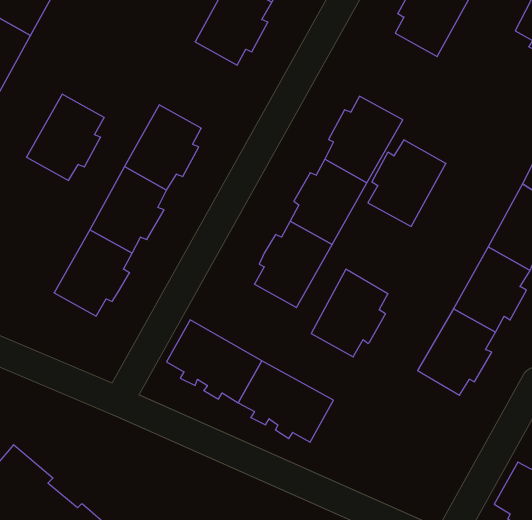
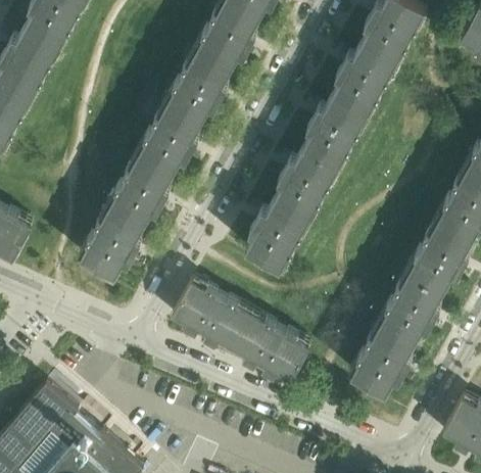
building: [26,94,104,181] -> [166,49,231,121]
building: [368,140,446,226] -> [332,42,396,113]
building: [311,269,388,357] -> [351,321,415,393]

